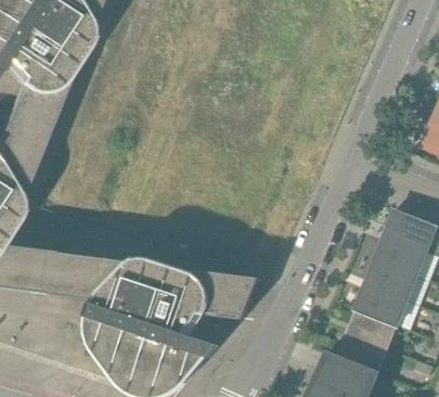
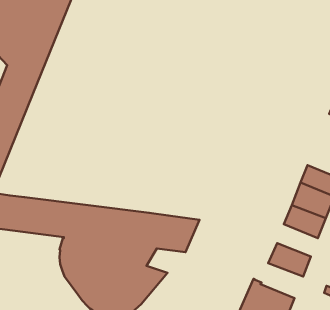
building: [356,284,406,324] -> none
building: [335,333,388,376] -> none

